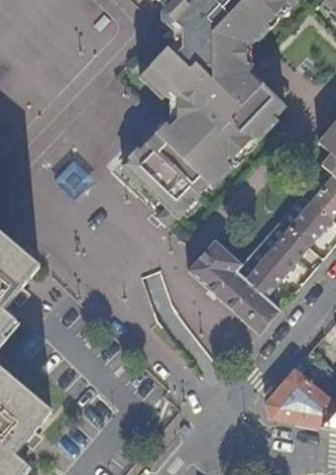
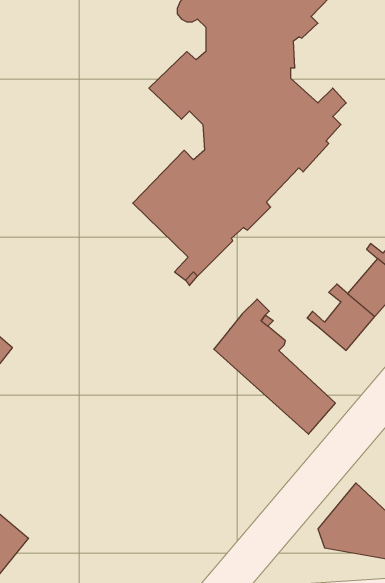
building: [237,253,288,296] -> none

